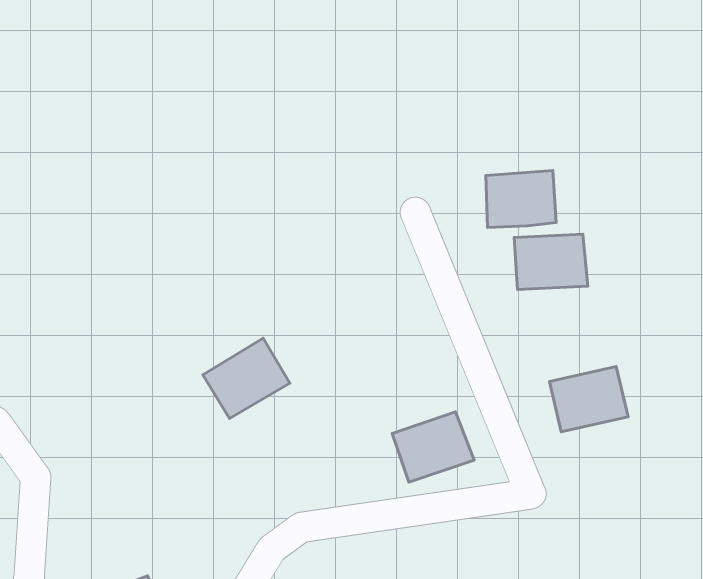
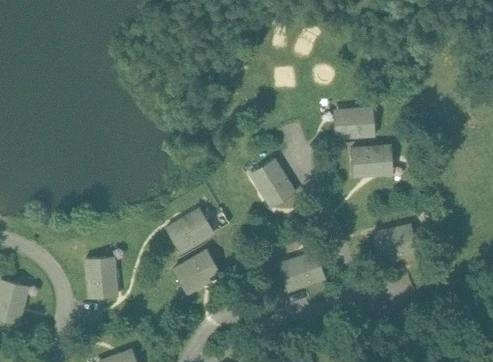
building: none -> [248,157,297,208]
building: none -> [171,248,221,295]
building: none -> [84,255,118,299]

